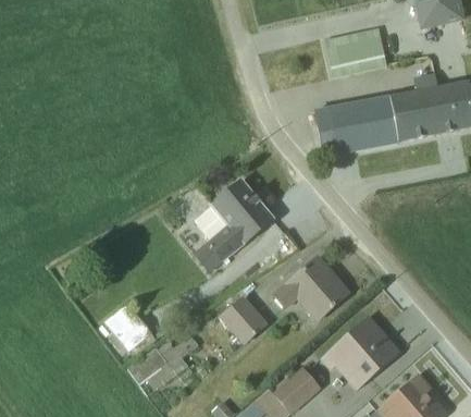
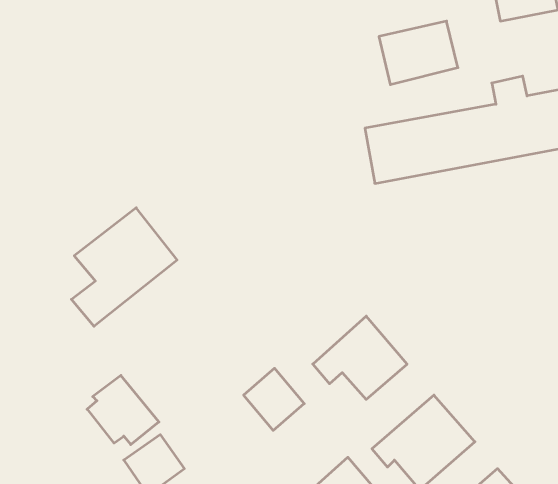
building: [193,181,274,272] -> [71,208,177,326]

